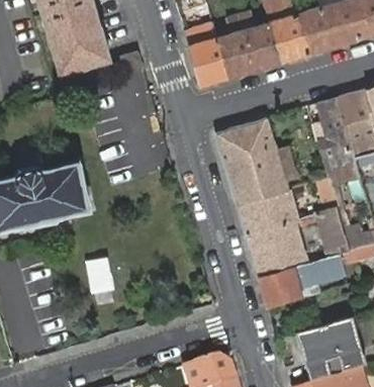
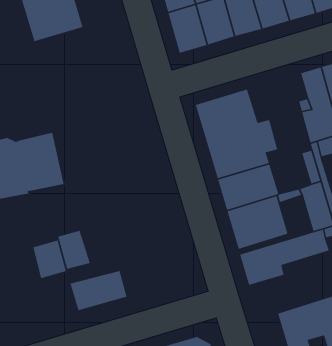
building: none -> [32,240,67,279]
building: none -> [70,270,128,311]

